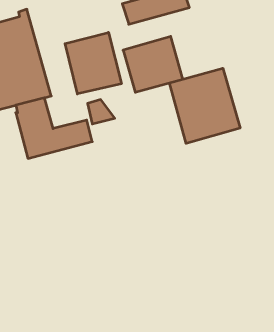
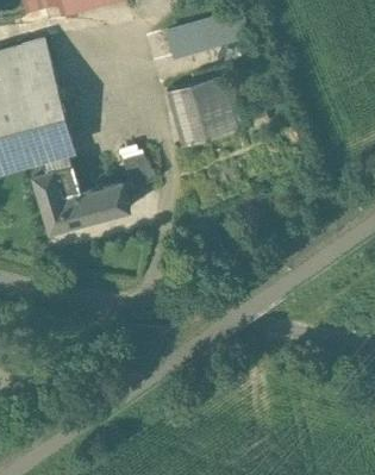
building: [65,32,121,94] -> none
building: [170,68,240,143] -> none

